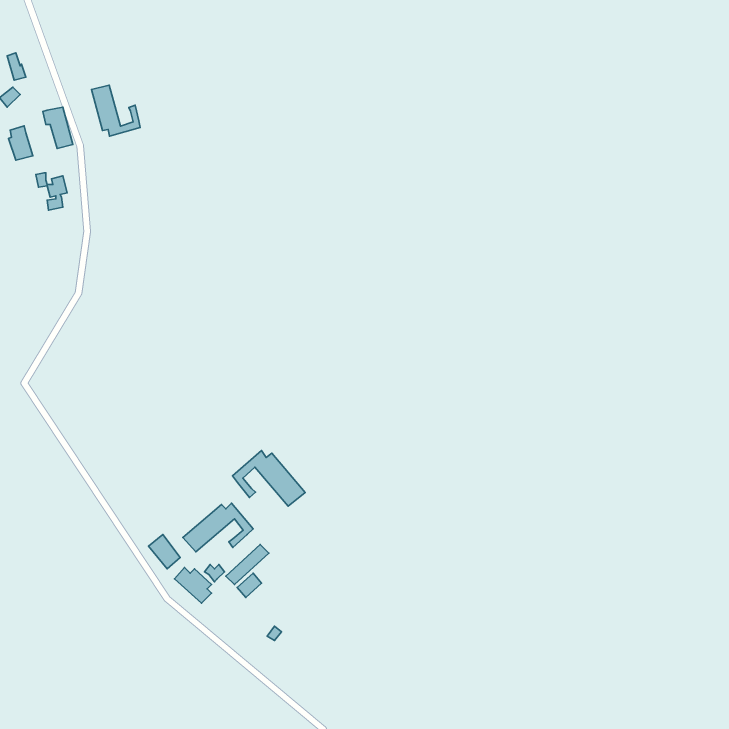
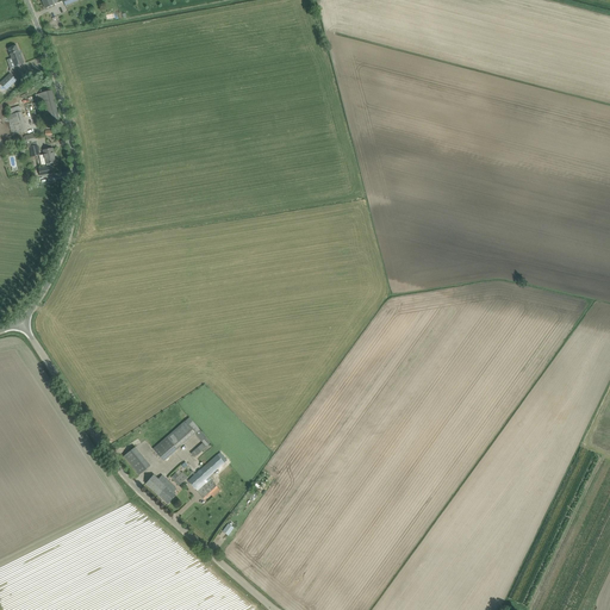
building: [91,85,140,136] -> none
building: [233,451,305,506] -> none

